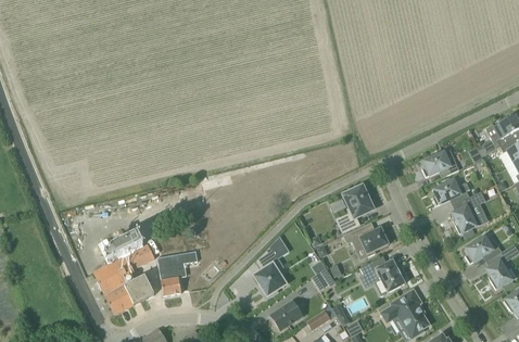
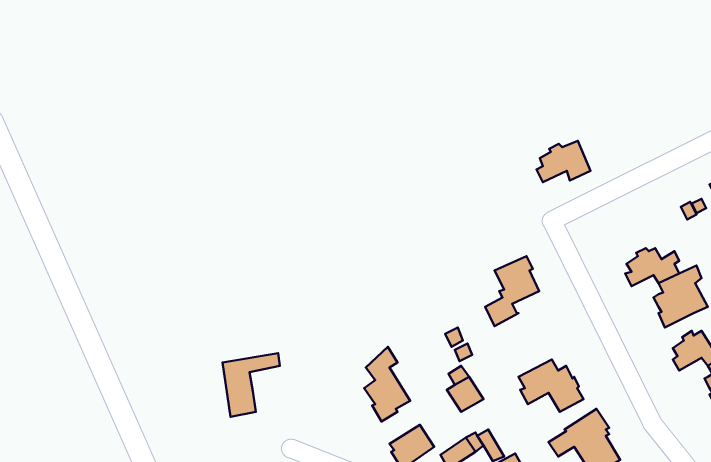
building: [421,149,458,177] -> [537,141,591,182]
building: [343,224,390,256] -> none
building: [93,233,154,314] -> none

